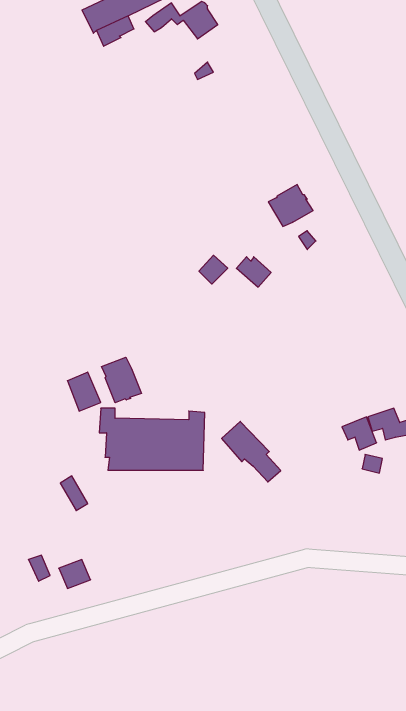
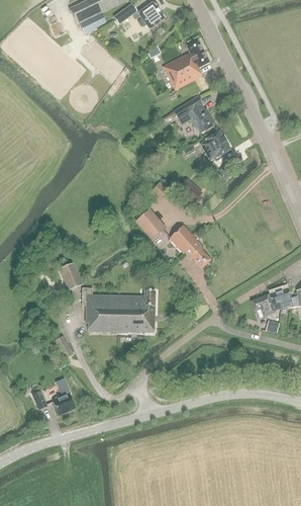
building: none -> [163,39,209,89]
building: none -> [173,96,215,134]
building: none -> [134,208,165,239]
building: [101,357,141,403] -> none
building: [222,421,281,482] -> [169,225,210,267]

